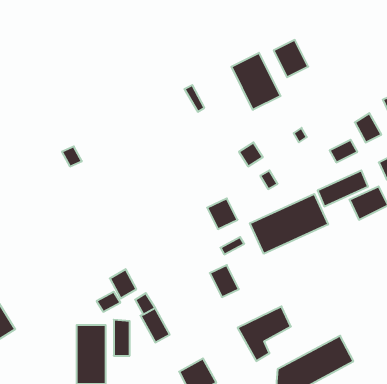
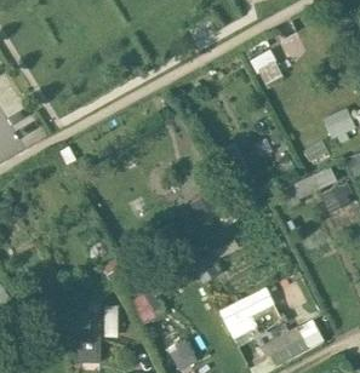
building: [231,53,281,110] -> none
building: [250,194,328,254] -> none

